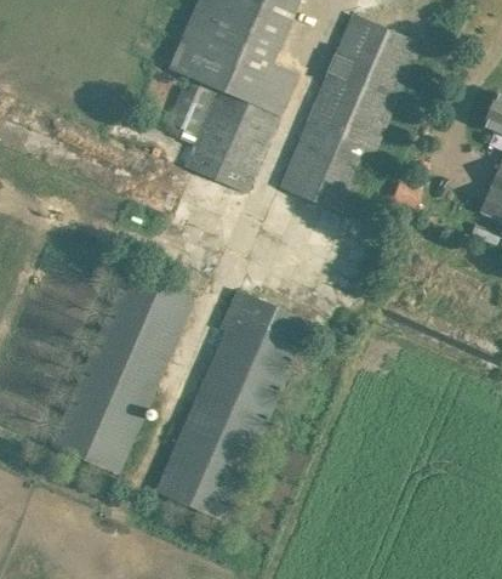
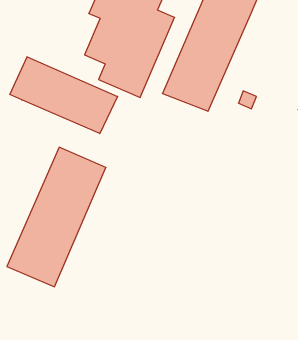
building: none -> [10,57,118,134]
building: [154,289,310,521] -> none

